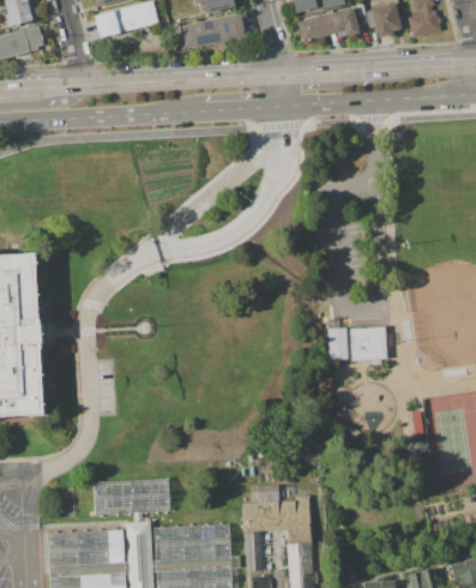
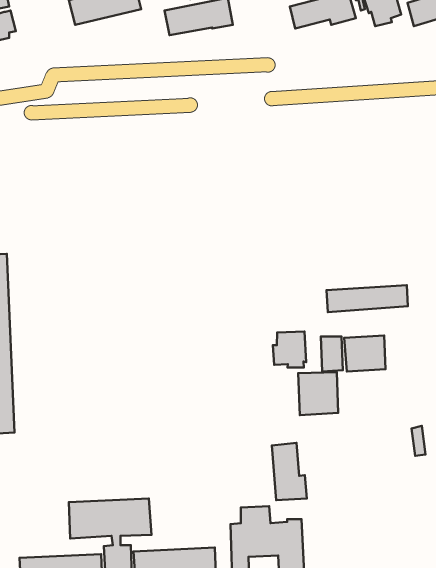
building: none -> [326,285,408,312]
building: none -> [273,332,306,368]
building: none -> [298,372,338,415]
building: none -> [272,443,307,500]

